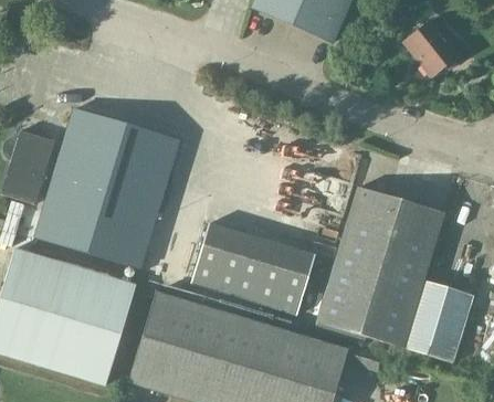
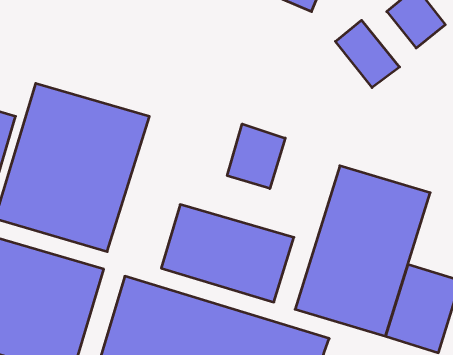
building: none -> [335,20,400,88]
building: none -> [227,124,285,189]

